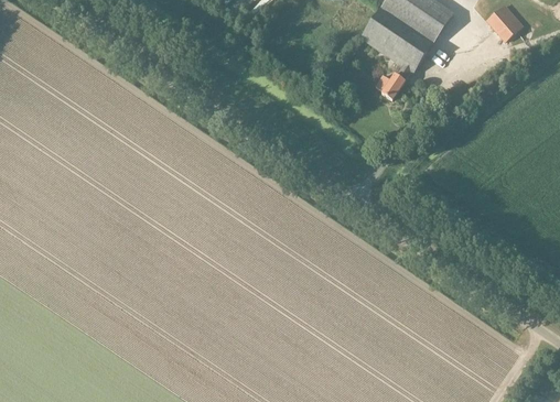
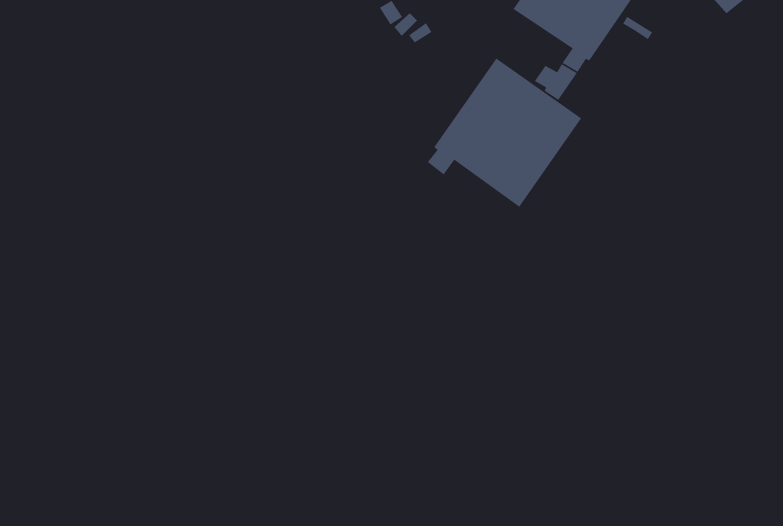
building: none -> [427,57,582,208]

